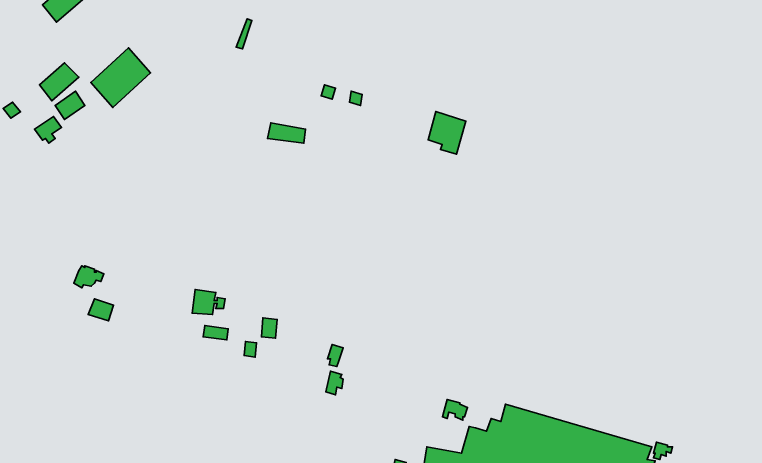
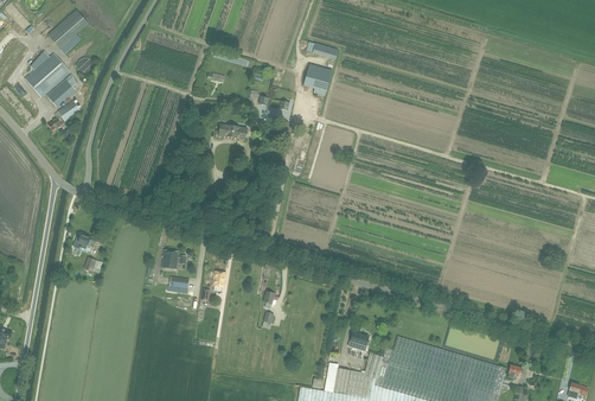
building: [91,48,151,108] -> [25,52,70,97]
building: [428,112,466,154] -> [303,63,332,95]

